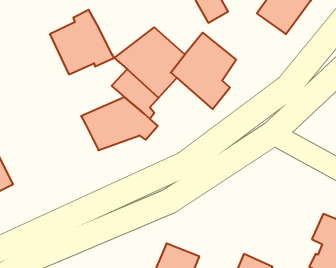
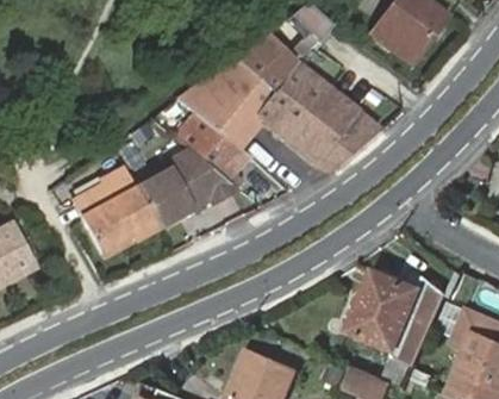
building: [50,10,114,74] -> [71,163,160,251]
building: none -> [232,33,299,92]
building: none -> [312,99,381,173]
building: none -> [347,272,444,366]

